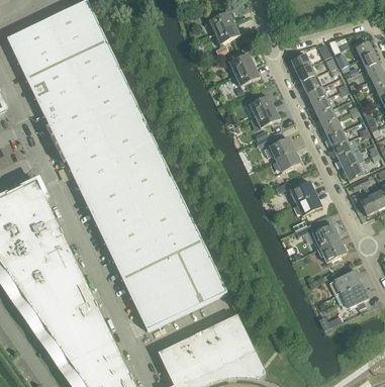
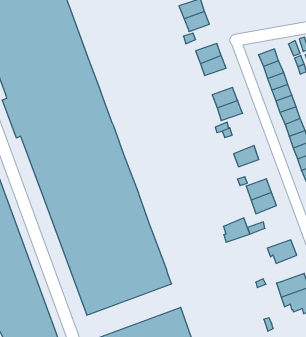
building: [263,136,294,159] -> none
building: [312,222,339,248] -> [223,218,250,242]

